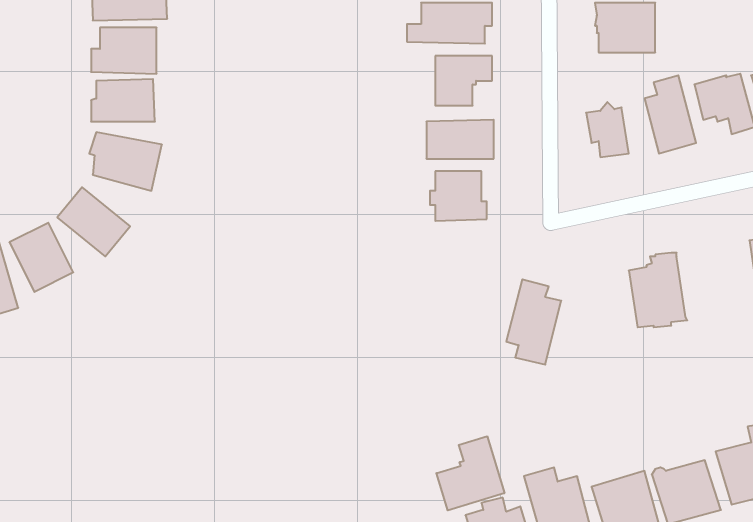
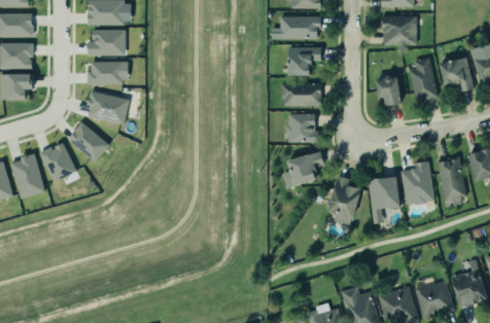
building: none -> [283,151,325,188]
building: none -> [436,155,467,206]
building: none -> [370,177,400,222]
building: [436,436,504,510] -> none

